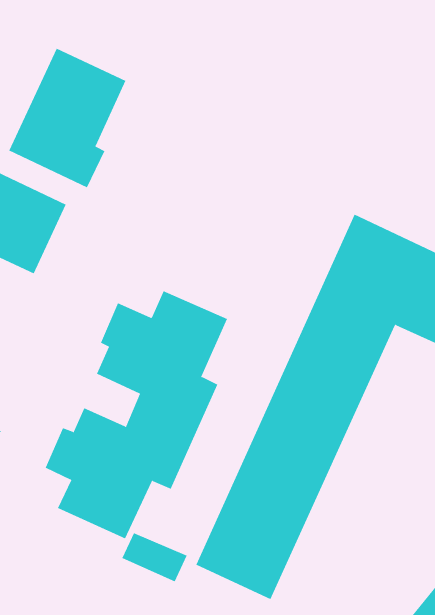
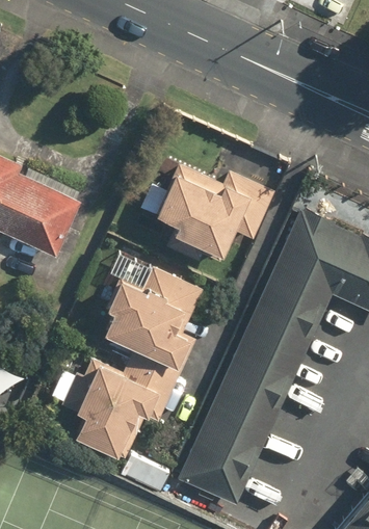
building: [8,48,126,188] -> none
building: none -> [155,163,278,265]

